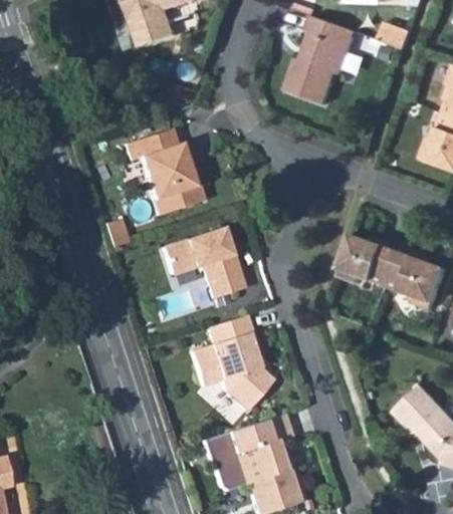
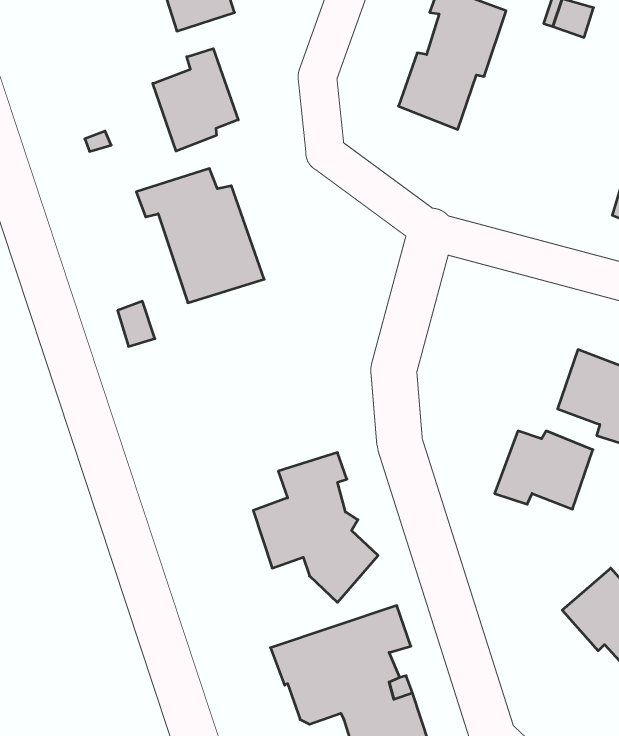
building: none -> [153,49,238,151]
building: [163,226,242,295] -> none
building: [341,235,404,285] -> [495,431,593,509]

